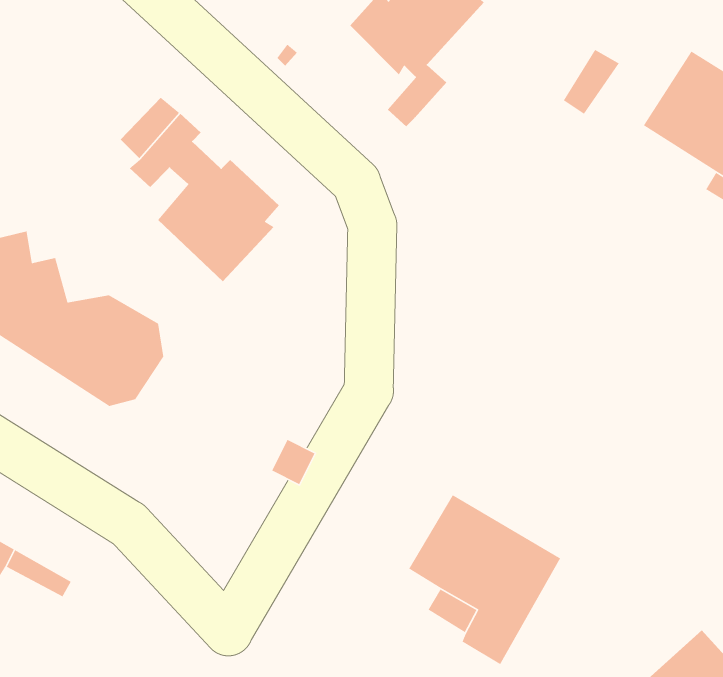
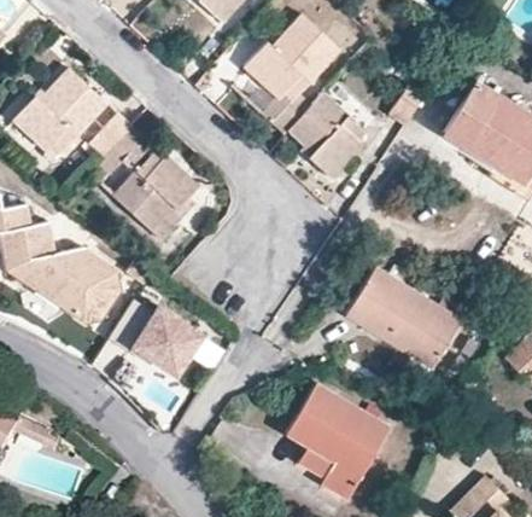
building: none -> [14,69,106,161]
building: none -> [291,93,367,178]
building: none -> [346,267,460,366]
building: none -> [107,302,199,378]

